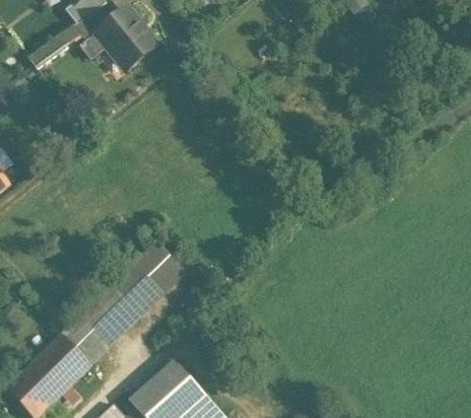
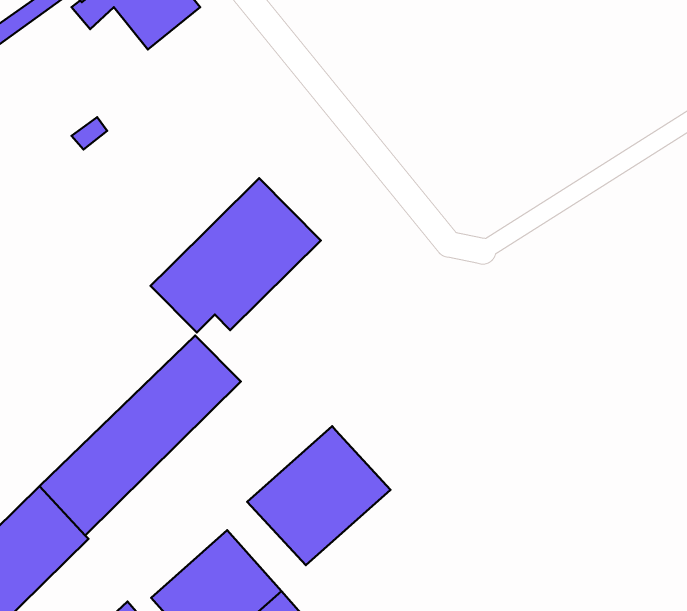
building: none -> [151,178,321,332]
building: none -> [247,426,391,565]

